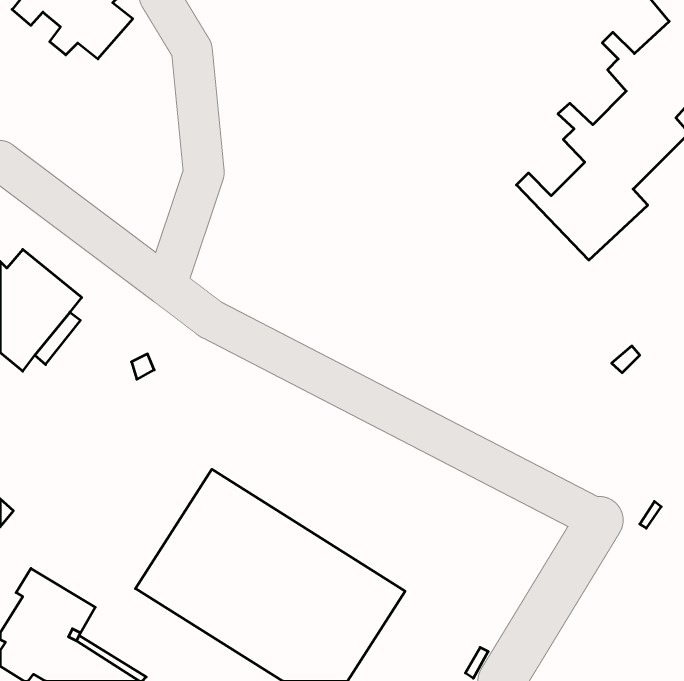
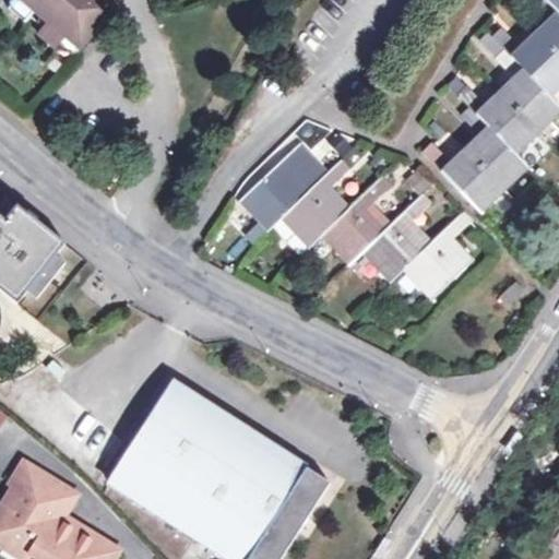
building: none -> [237,140,472,298]

